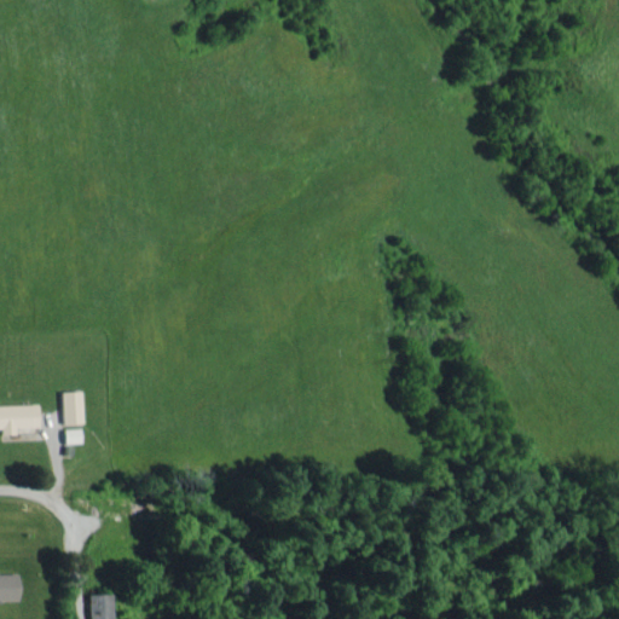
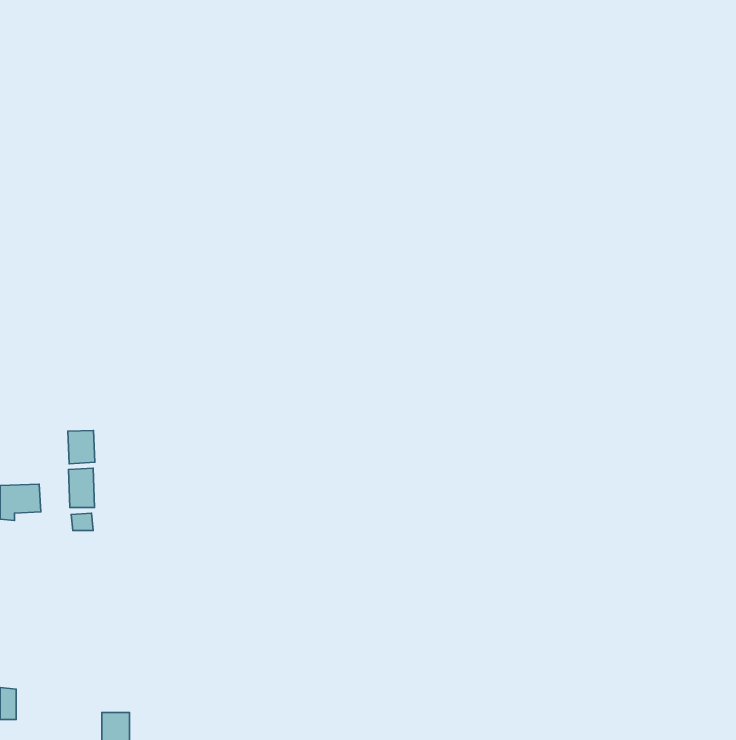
building: none -> [68,431,95,464]

